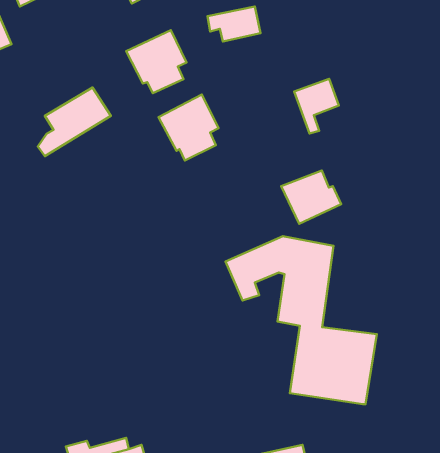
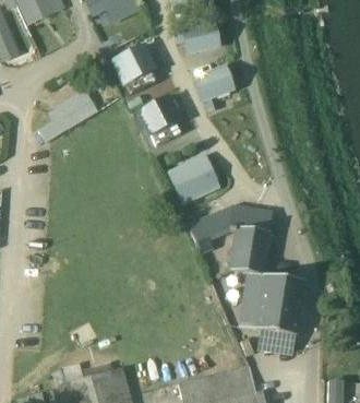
building: [294,79,339,134] -> [194,68,229,110]
building: [281,171,341,224] -> [168,159,215,201]
building: none -> [255,329,295,355]

